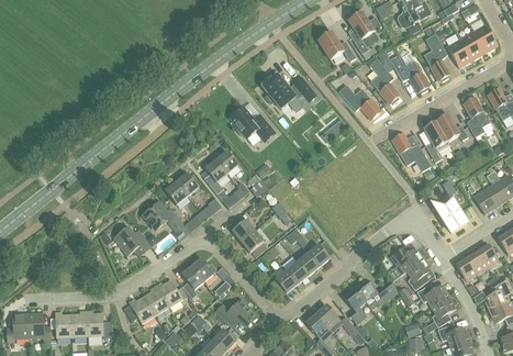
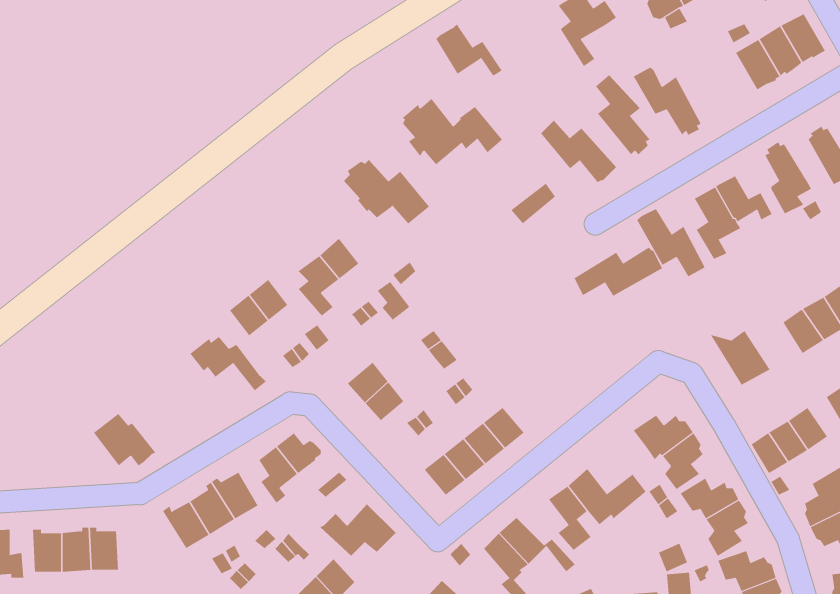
building: [319,31,356,60] -> [436,23,503,76]
building: [424,33,450,80] -> none
building: none -> [574,247,663,296]
building: [115,225,150,255] -> [93,413,156,466]

